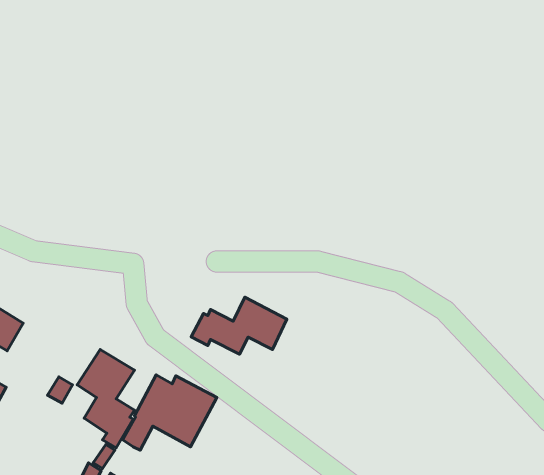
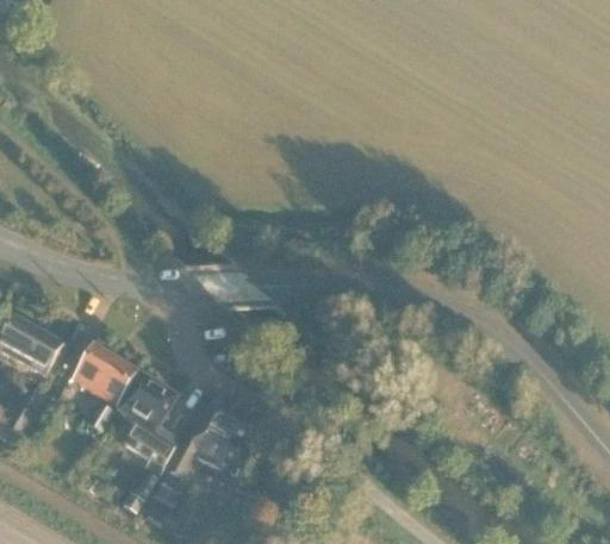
building: [191,297,287,354] -> none
building: none -> [71,339,136,401]

